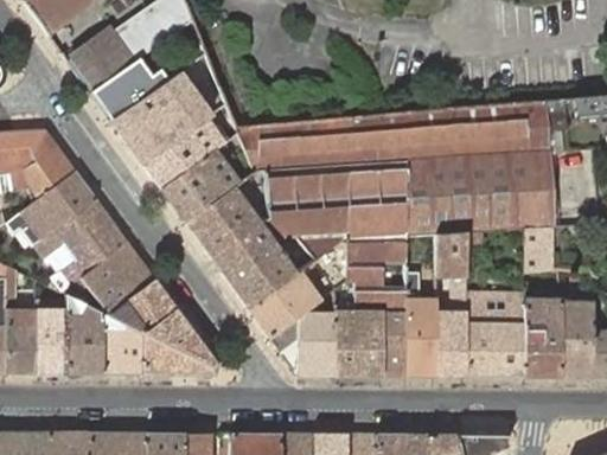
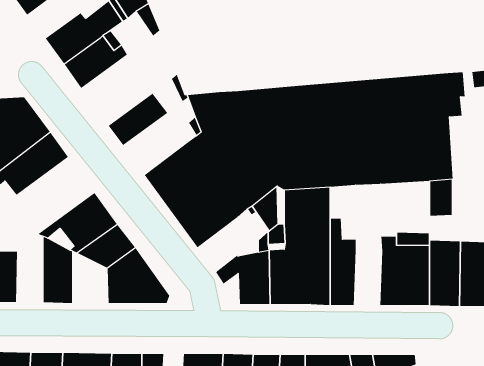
building: [111,71,204,164] -> none
building: [161,148,239,222] -> none
building: [36,200,128,290] -> none
building: [436,232,466,276] -> none
building: [249,271,319,337] -> none
building: [36,299,66,372] -> none
building: [435,310,467,376] -> none
building: [102,312,143,373] -> none

